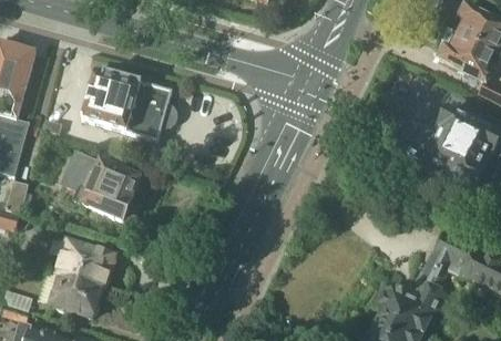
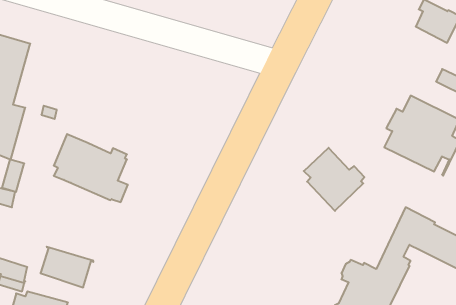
building: [437,32,490,78] -> none
building: [84,71,177,141] -> none
building: none -> [304,148,364,211]
building: [49,237,115,288] -> none

